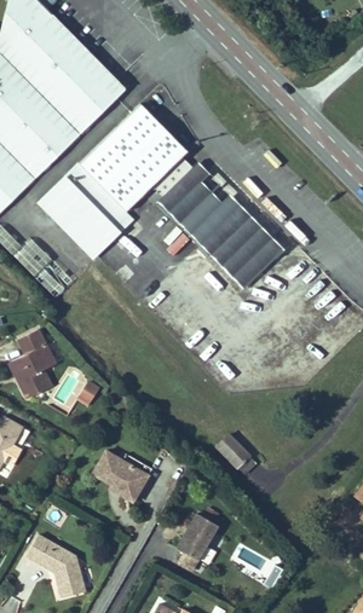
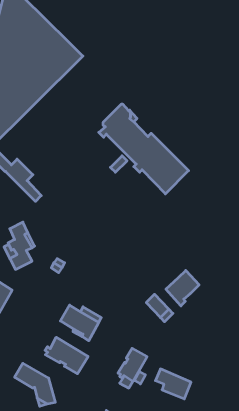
building: [40,103,189,258] -> none
building: none -> [166,270,199,306]
building: none -> [45,337,88,374]

